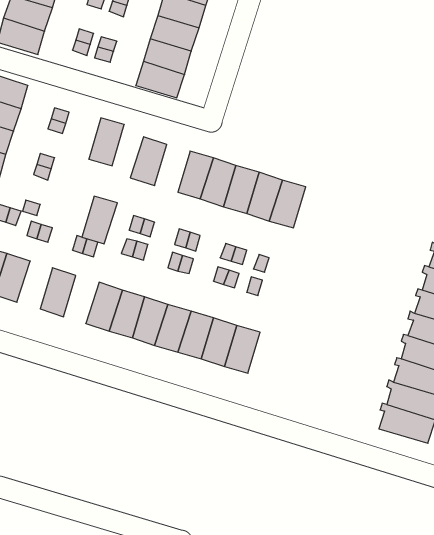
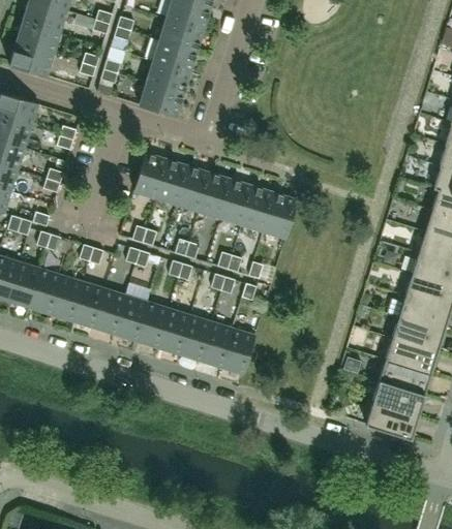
building: [89,118,124,166] -> [156,160,189,205]
building: [82,196,117,244] -> [71,282,104,326]
building: none -> [28,269,61,313]

